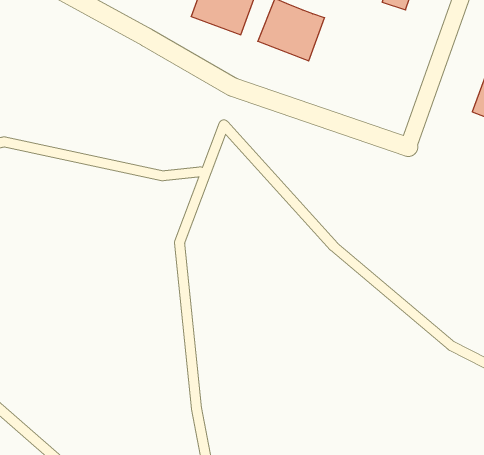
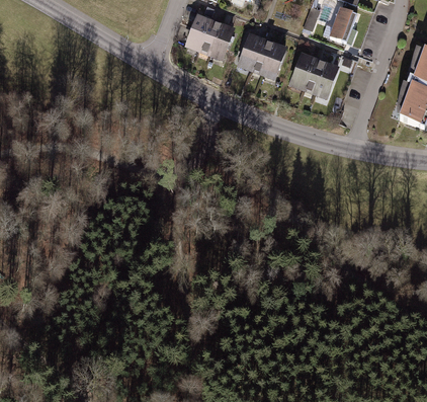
building: none -> [287,51,339,100]

